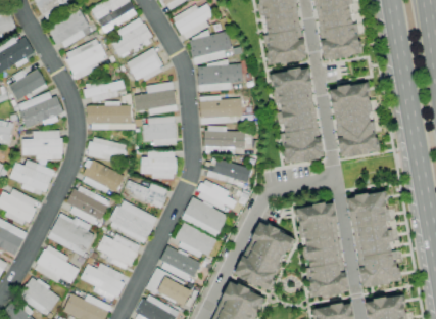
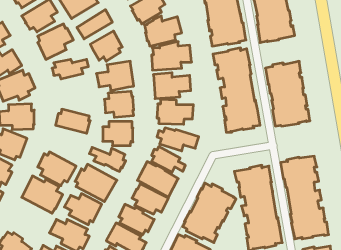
building: [88,101,132,130] -> none
building: [83,158,125,194] -> none
building: [36,245,80,283] -> none

